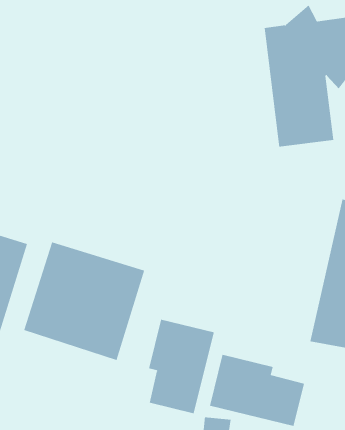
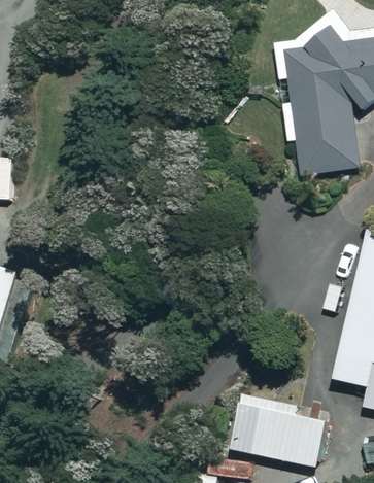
building: [23,241,145,361] -> none
building: [148,319,214,414] -> none

